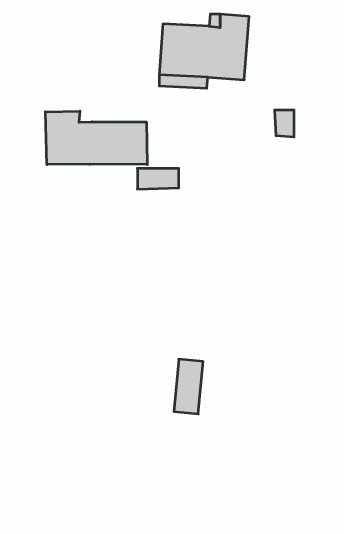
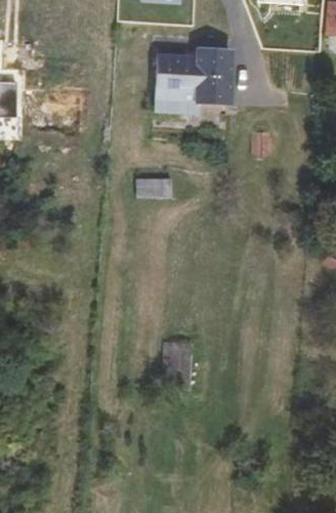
building: [45,111,147,165] -> none

